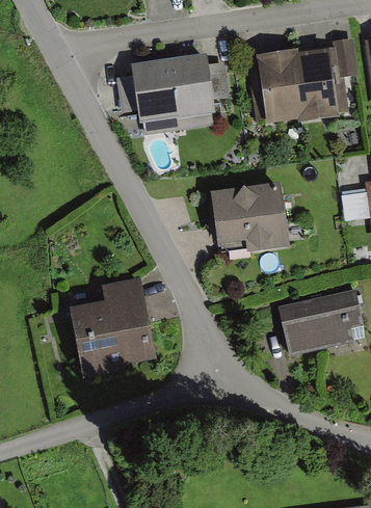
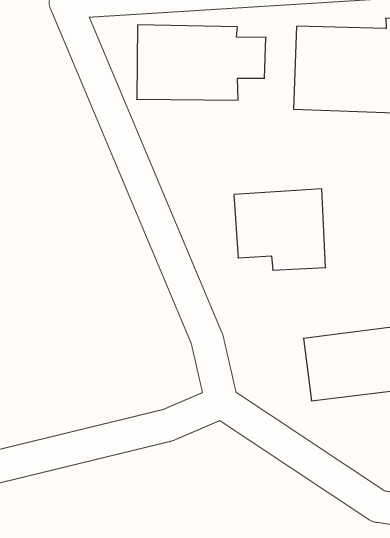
building: [72,275,160,379] -> none

